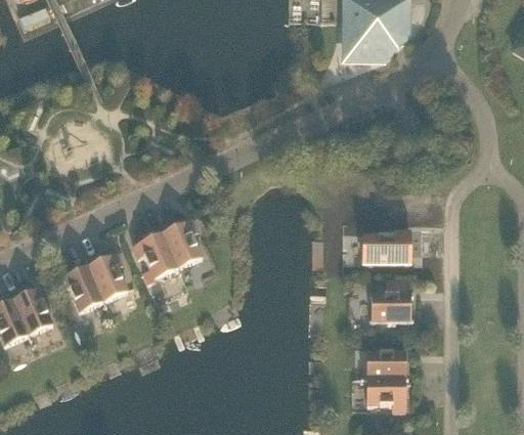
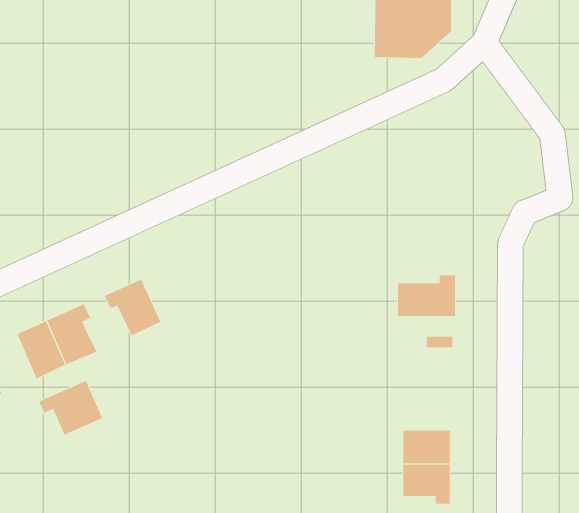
building: [161,219,201,266] -> none
building: [370,293,407,320] -> none
building: none -> [38,380,103,435]

